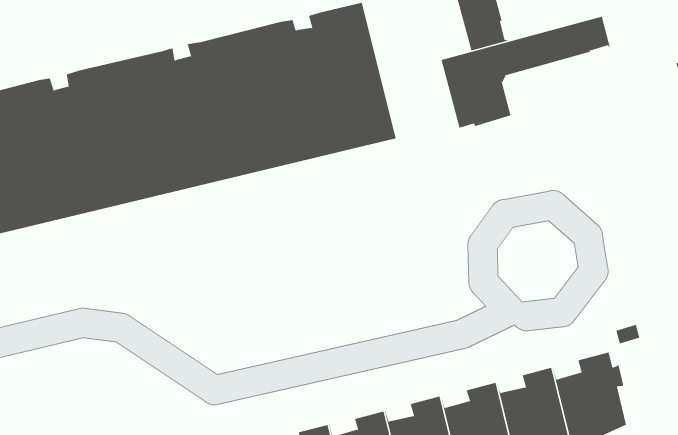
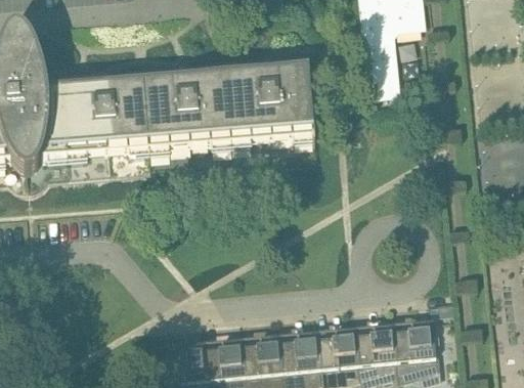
building: [441,16,610,128] -> none

